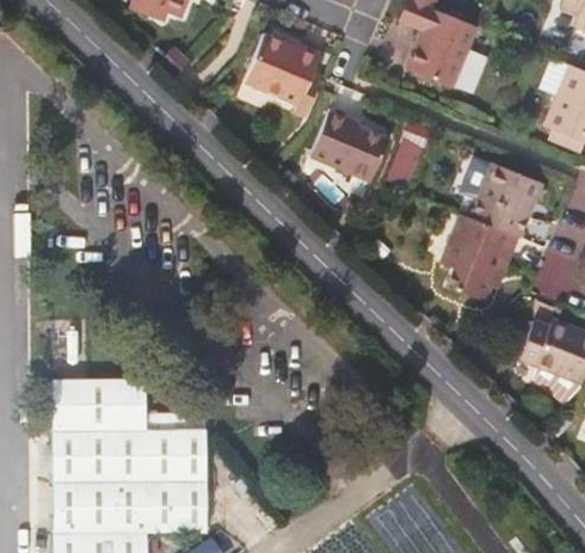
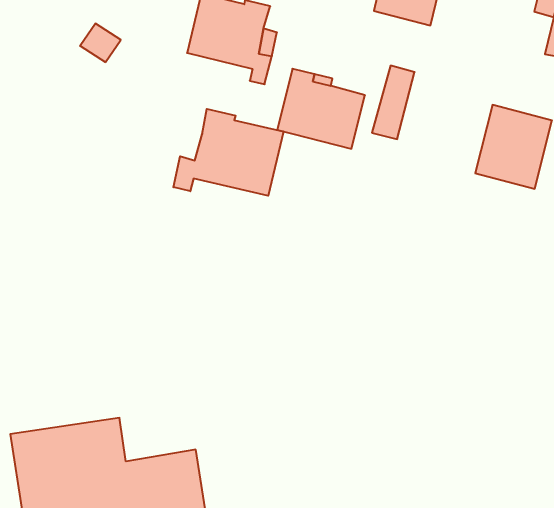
building: none -> [173,109,284,196]
building: [442,214,519,302] -> none

